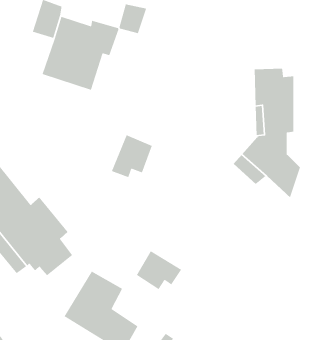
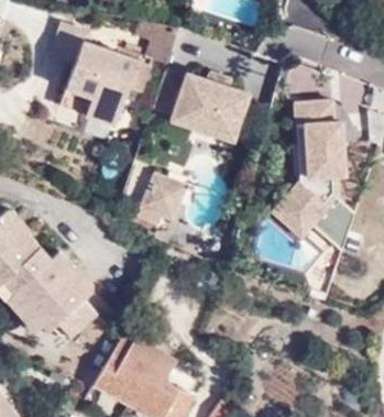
building: none -> [153,72,251,142]
building: [136,250,182,290] -> none

